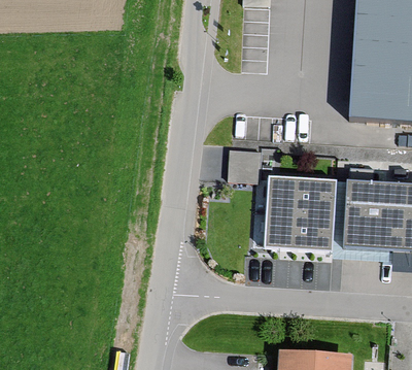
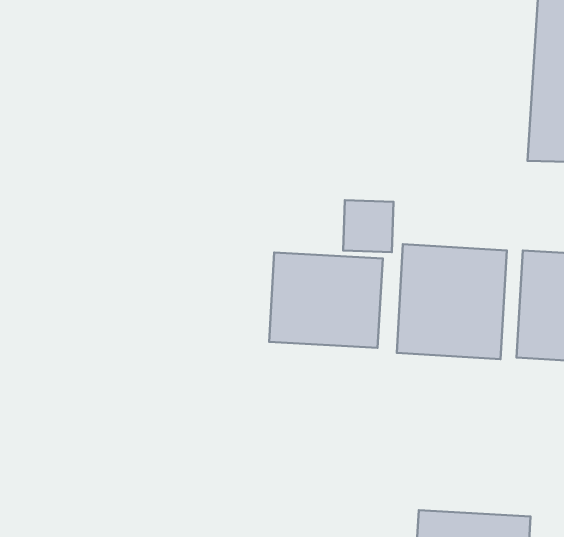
building: none -> [269,252,383,348]

